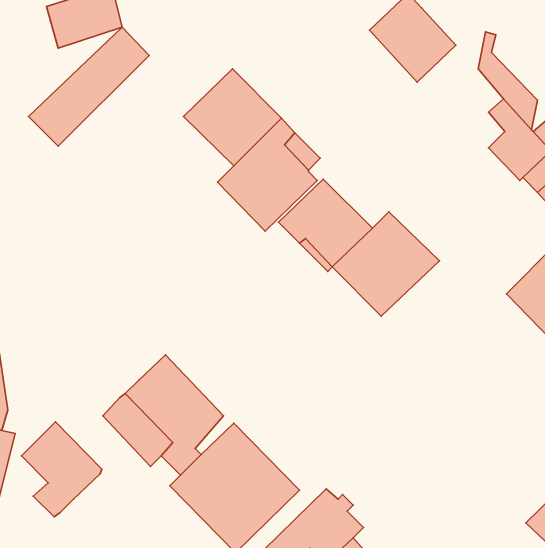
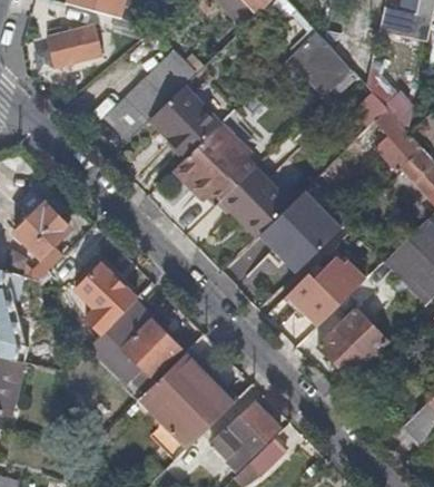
building: [29,27,149,146] -> [102,53,193,143]
building: none -> [14,204,68,257]
building: none -> [286,259,358,327]
building: none -> [317,310,387,379]
building: [21,422,102,517] -> [75,262,135,333]

